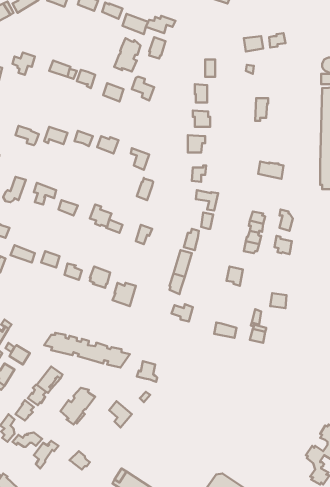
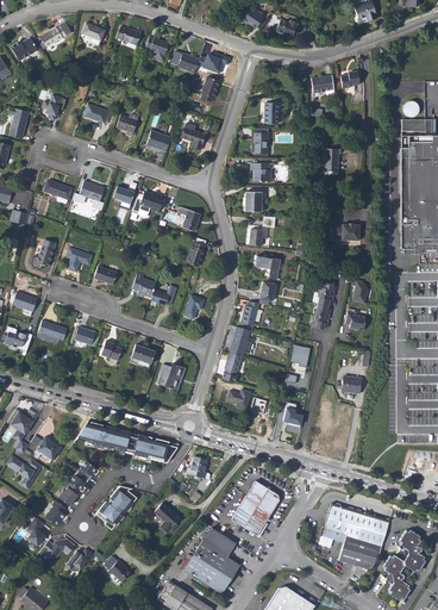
building: [114,38,140,72] -> none
building: none -> [231,480,280,535]
building: none -> [323,505,389,568]
building: none -> [181,527,240,593]

